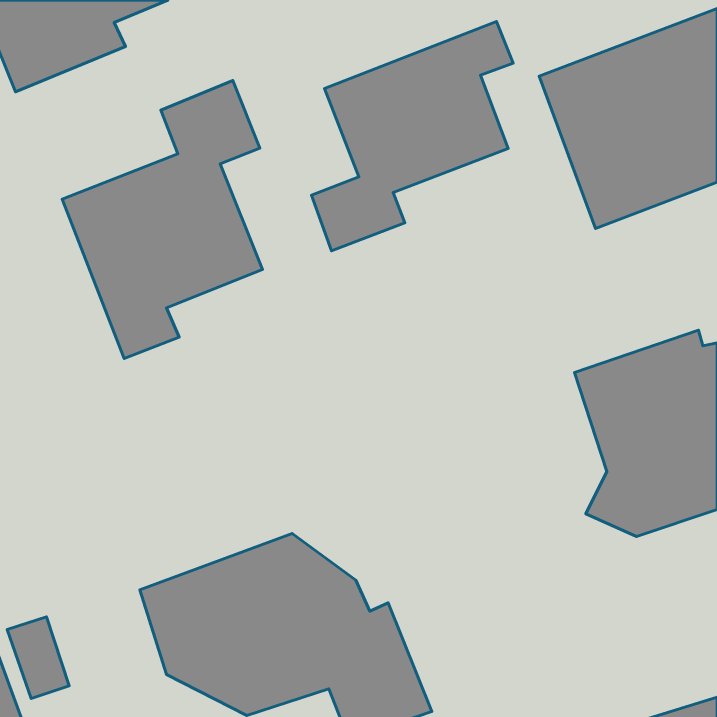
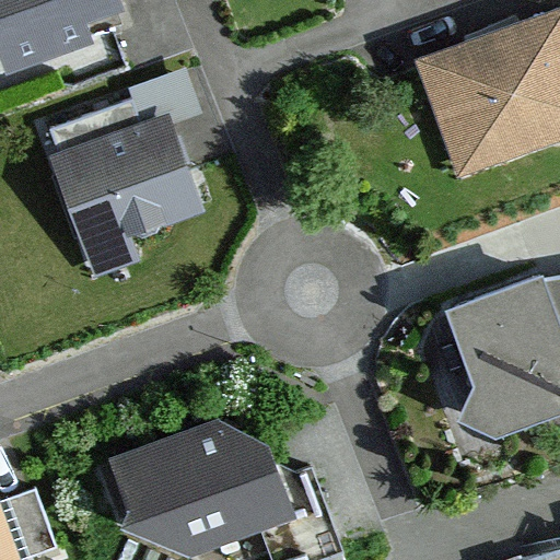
building: [312,22,513,251] -> none

